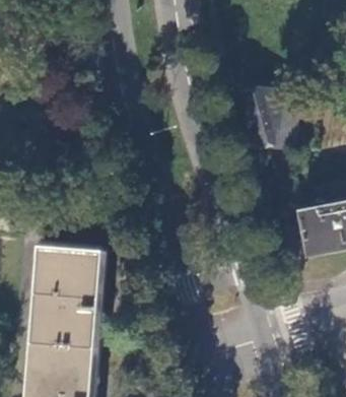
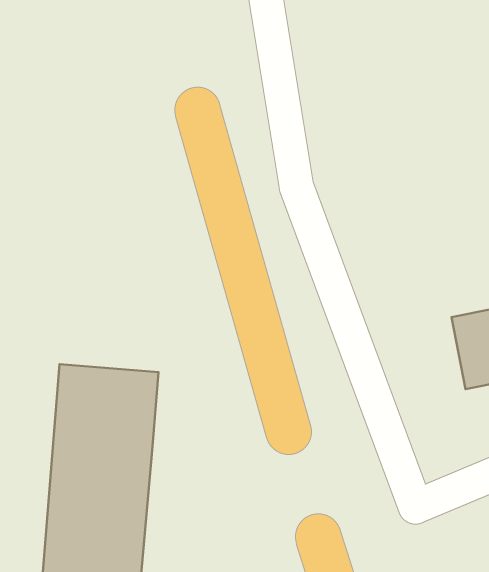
building: [253,87,292,150] -> none

